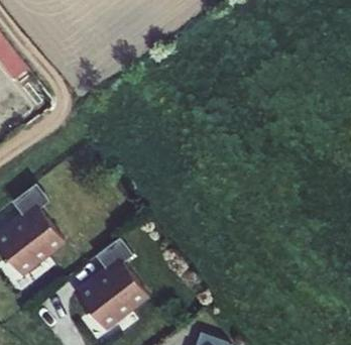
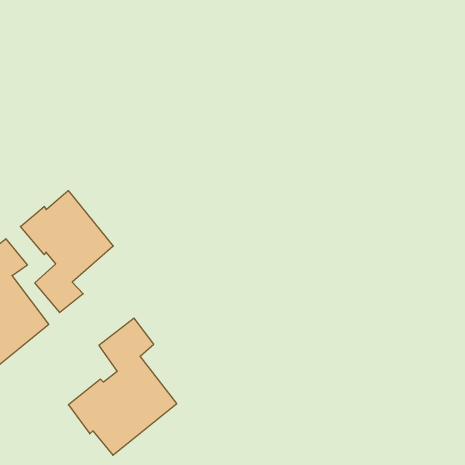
building: none -> [20,191,113,313]

